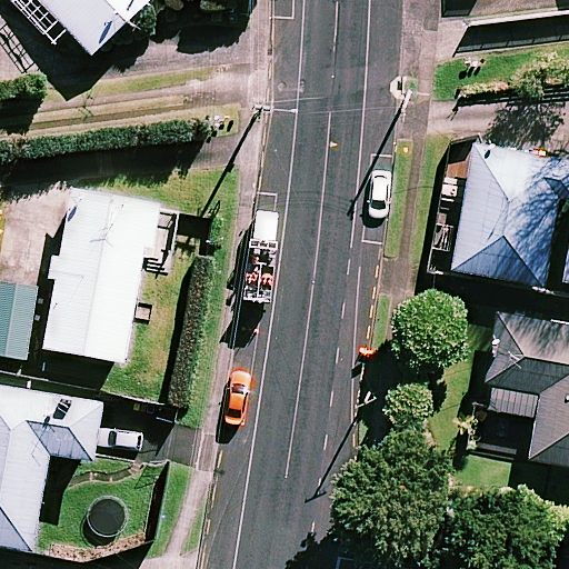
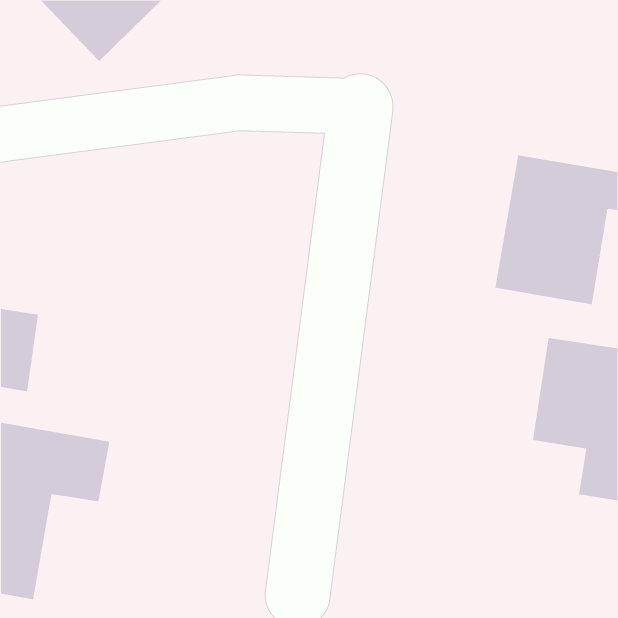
building: [43,192,159,363] -> none

